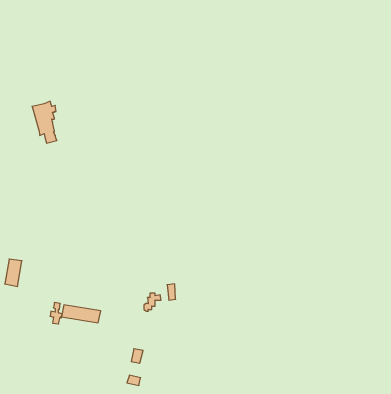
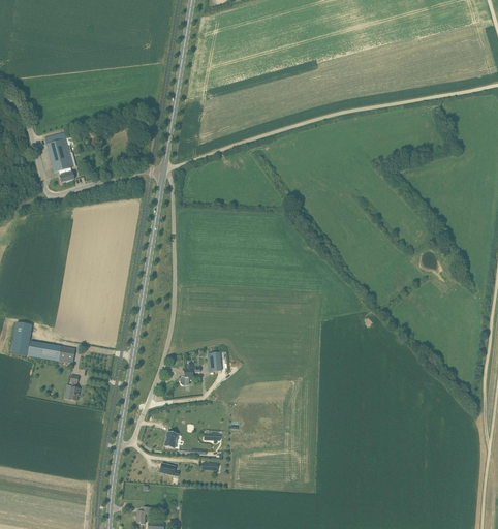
building: [61,305,101,323] -> [28,341,75,363]

